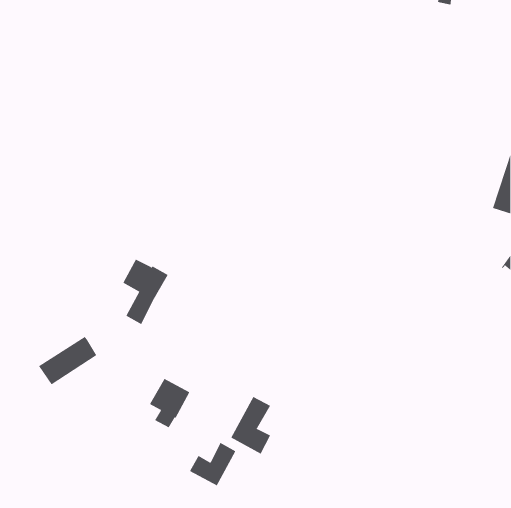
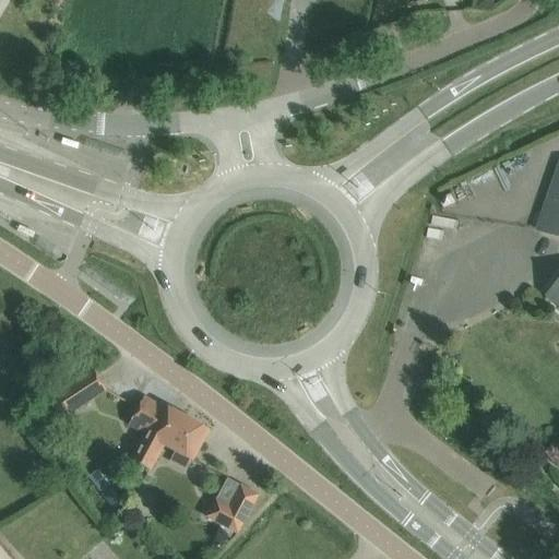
building: [122,259,168,325] -> [129,395,179,467]
building: [231,396,271,455] -> none

